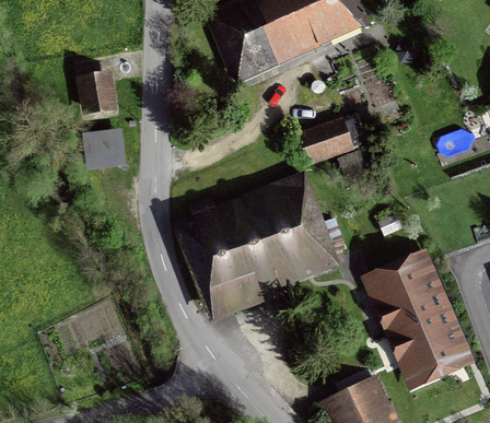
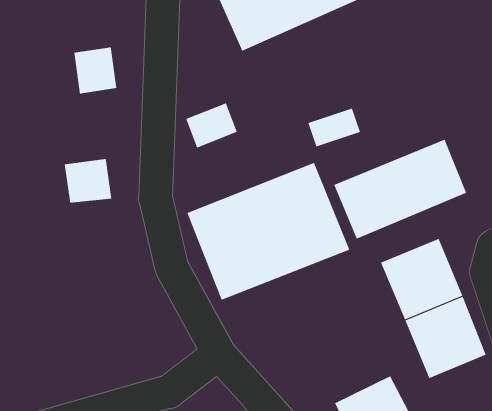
building: none -> [185,102,238,148]
building: [82,128,128,171] -> [64,158,112,203]
building: none -> [334,139,467,240]

